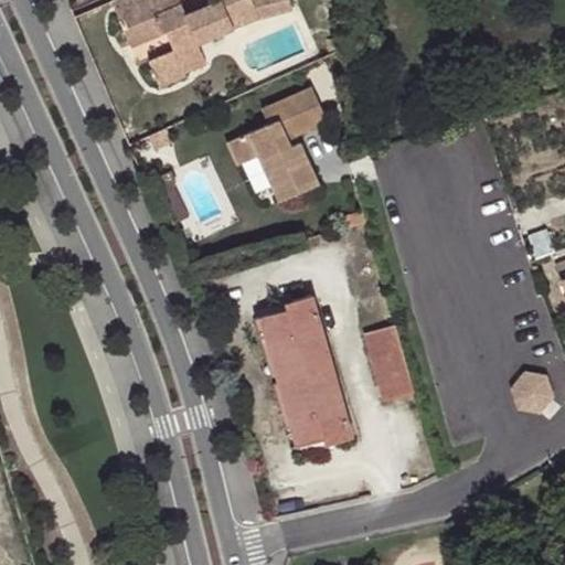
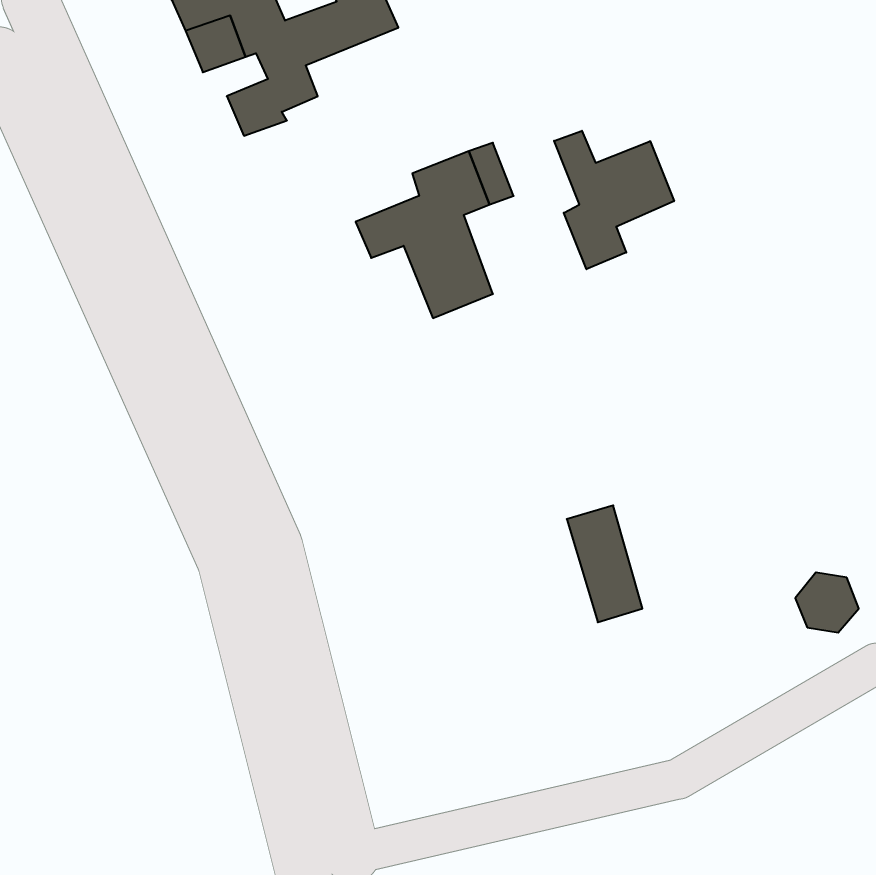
building: none -> [554,131,674,269]
building: [262,296,352,445] -> none

